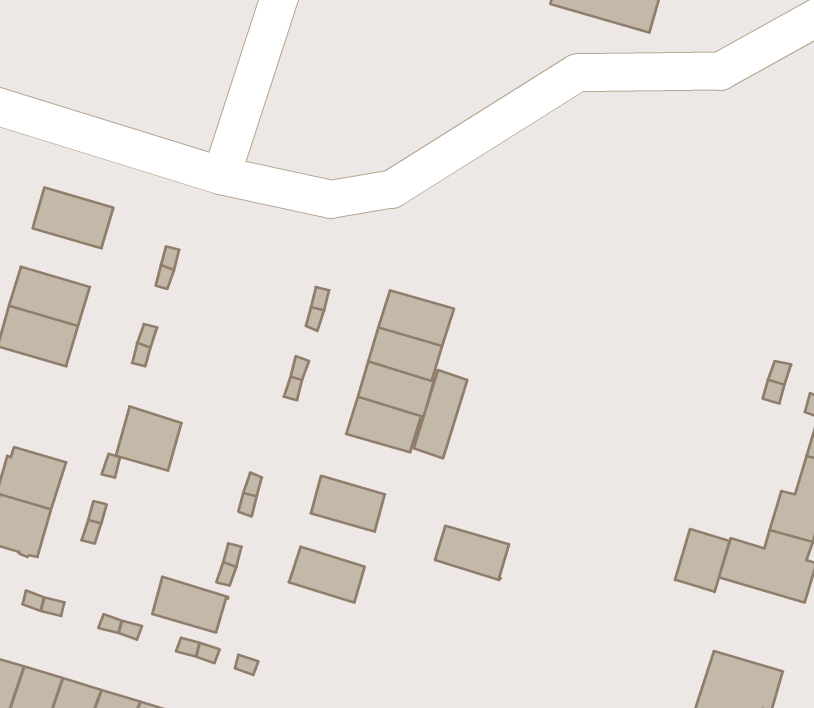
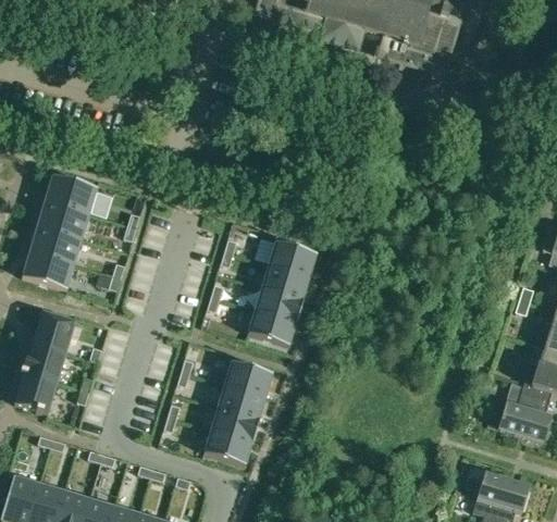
building: none -> [37,200,89,238]
building: [414,370,467,458] -> none
building: [116,406,182,471] -> [33,310,75,351]
building: [435,526,509,580] -> [218,384,265,419]
building: [675,529,729,592] -> none
building: [152,577,228,632] -> [203,428,252,464]

